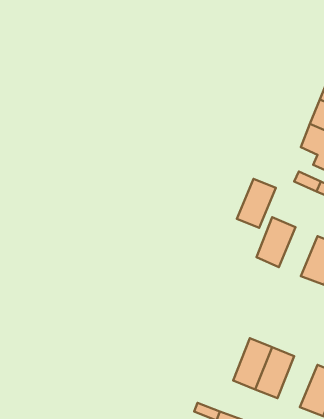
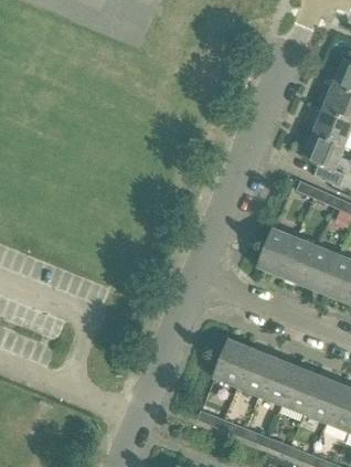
building: [237,179,276,228] -> [280,236,319,285]
building: none -> [212,338,252,389]
building: none -> [279,364,319,415]

